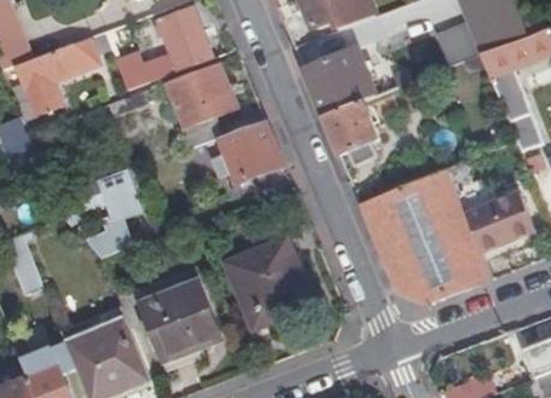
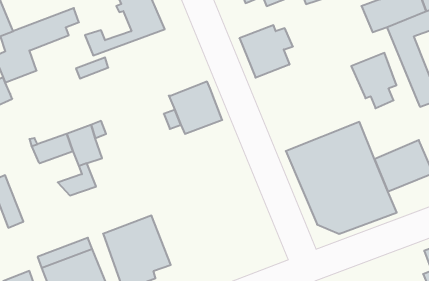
building: [165,63,236,149] -> none
building: [322,99,377,166] -> [351,53,397,108]
building: [224,238,309,329] -> none

